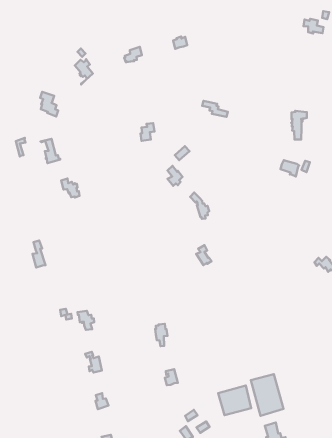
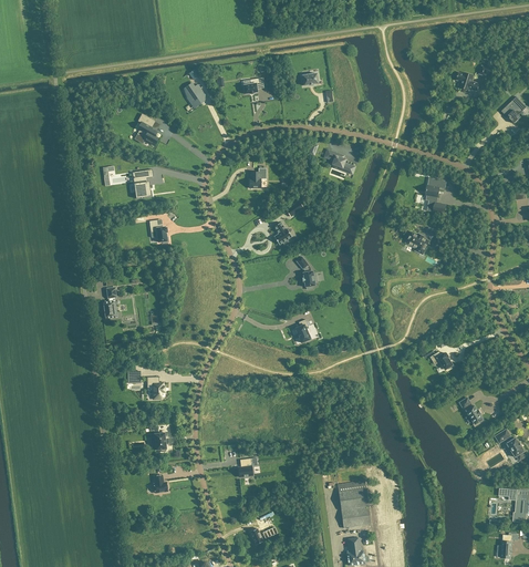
building: [218,386,251,415] -> none

